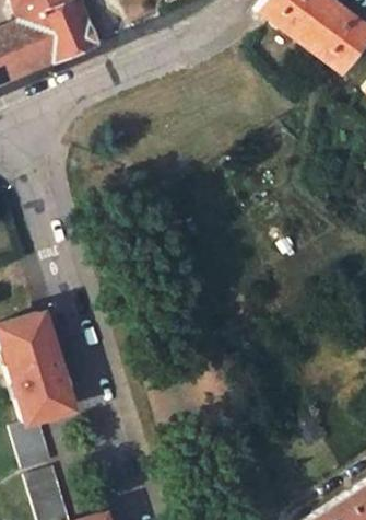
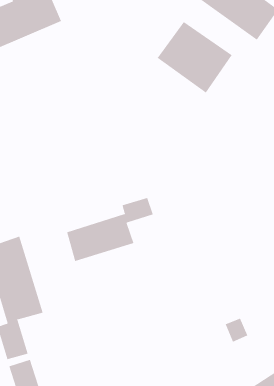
building: none -> [157,21,233,94]
building: none -> [67,197,153,262]

